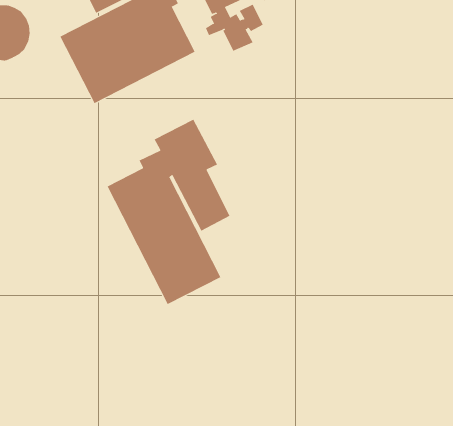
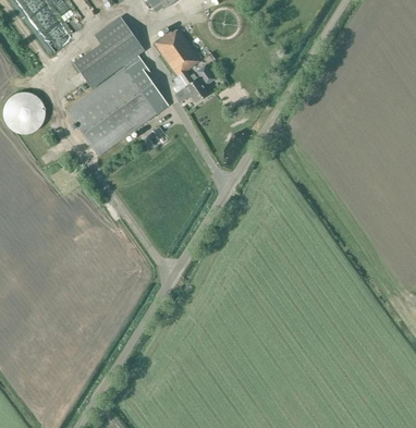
building: [107,119,230,305] -> none

